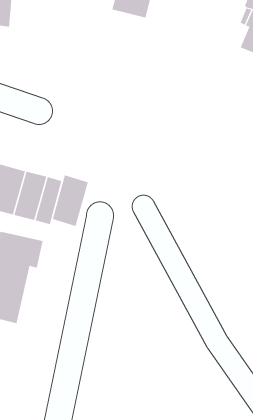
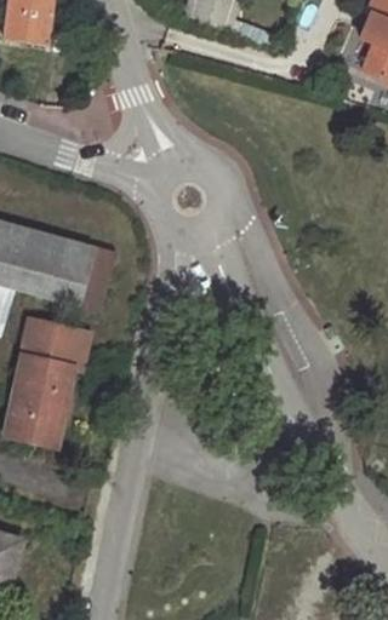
building: [52,175,88,227] -> none

